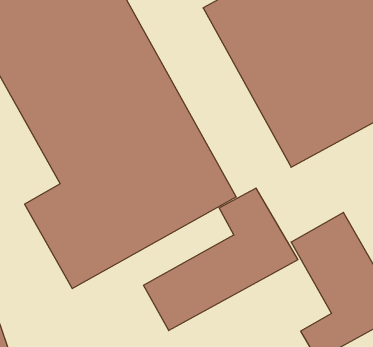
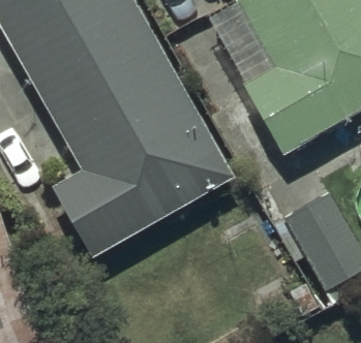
building: [144,188,298,331] -> none

